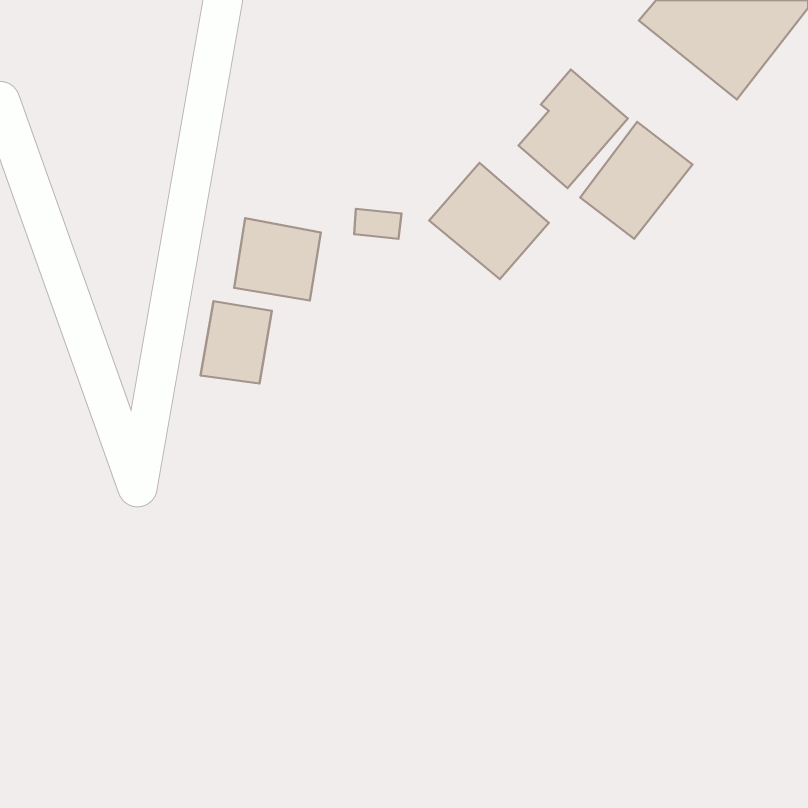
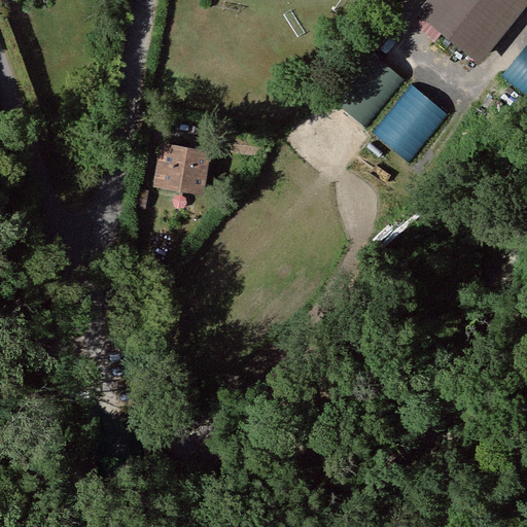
building: [429,163,549,279] -> none
building: [201,301,272,384] -> none

